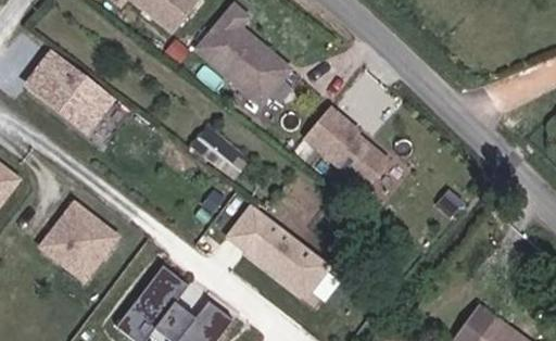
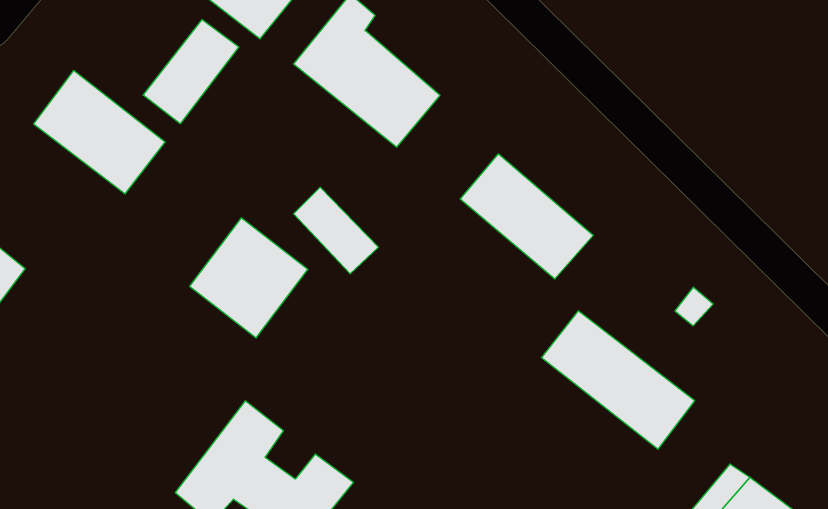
building: none -> [143,20,239,124]
building: [41,203,118,281] -> [190,218,308,338]
building: [228,206,328,296] -> [541,311,695,449]

